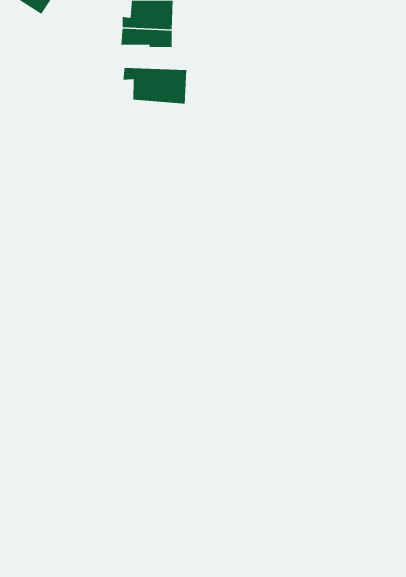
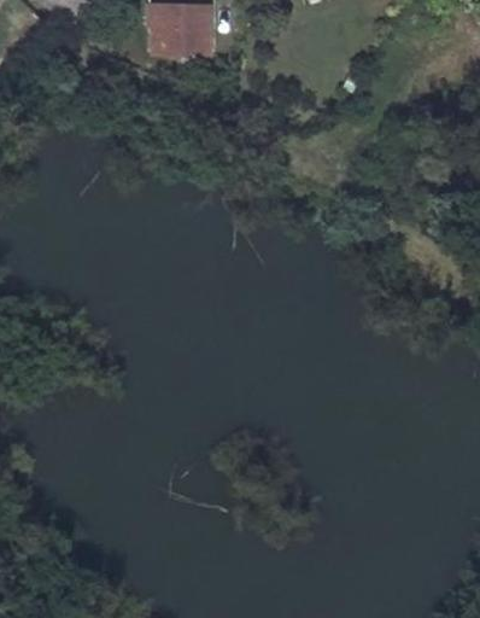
building: [123,67,187,104] -> none

